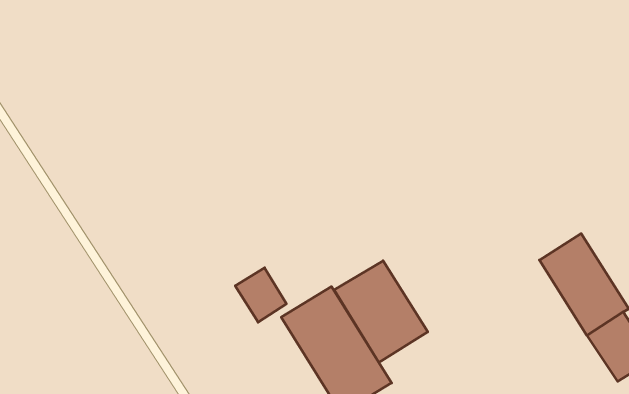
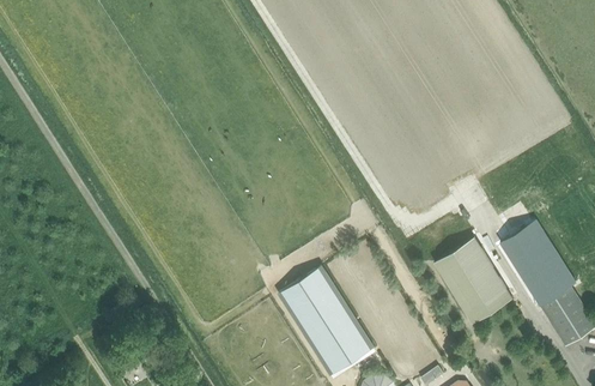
building: [334,261,428,363] -> [431,237,511,325]
building: [235,268,286,322] -> none

